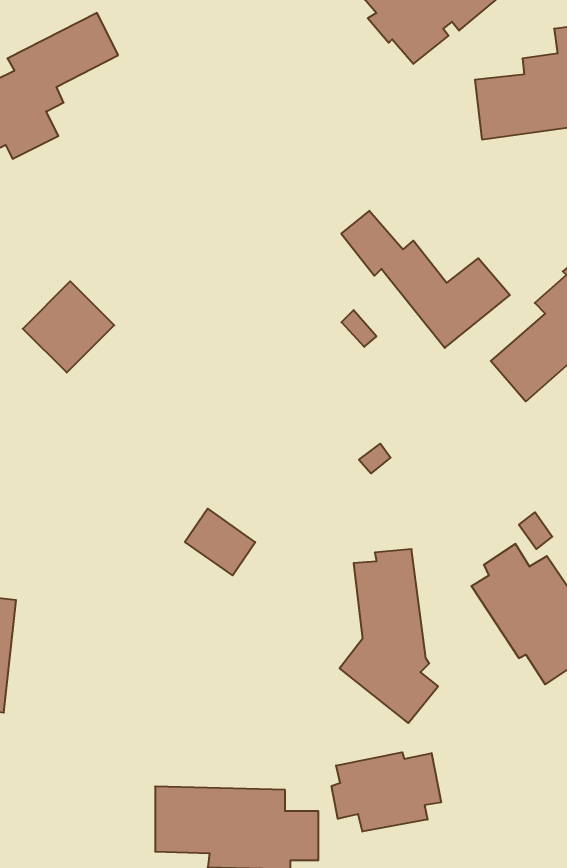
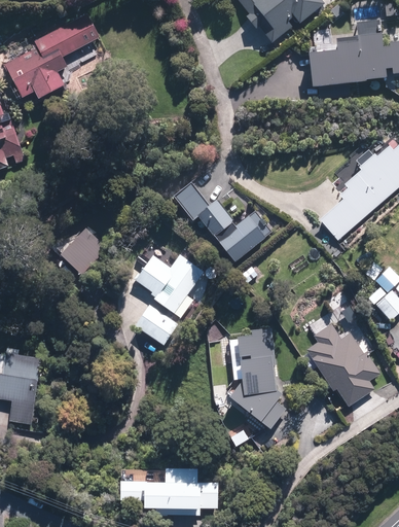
building: [341,211,510,348] -> [174,182,273,262]
building: [23,281,114,373] -> [55,222,108,276]
building: none -> [137,253,205,317]
building: [332,752,441,832] -> none

